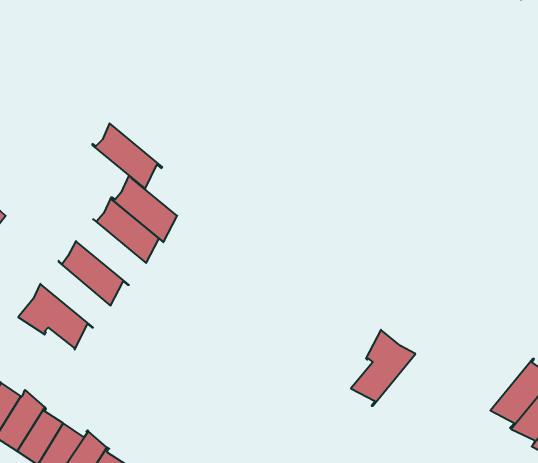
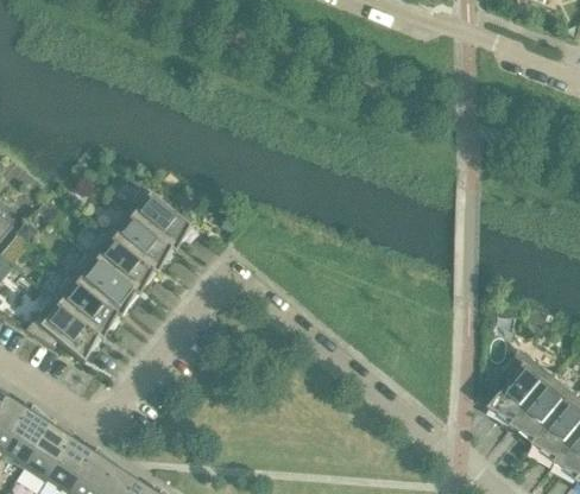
building: [92,123,162,189] -> [83,230,156,298]
building: none -> [46,274,119,342]
building: [351,330,415,406] -> [488,349,555,428]

